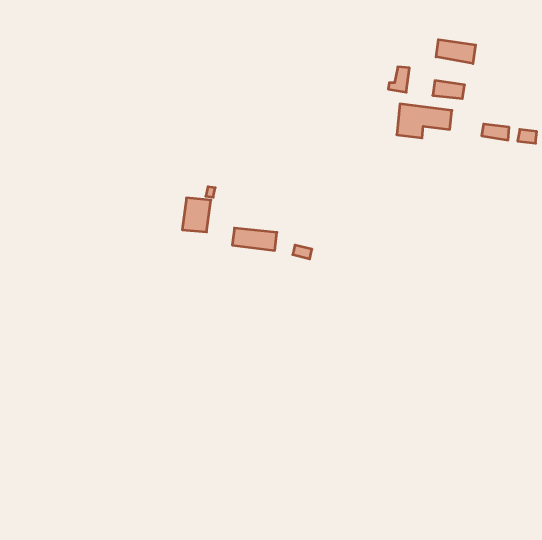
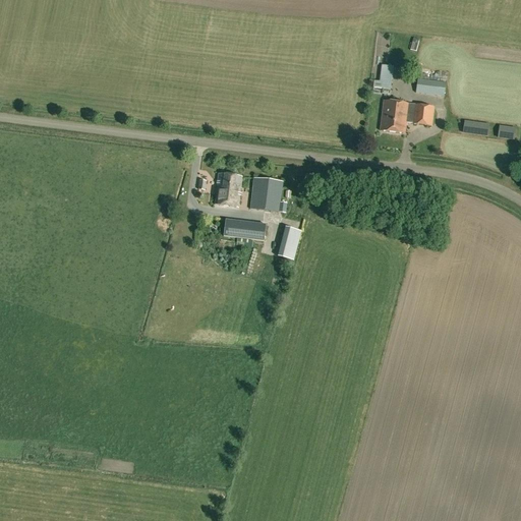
building: [436,40,476,64] -> none
building: none -> [250,177,286,212]
building: [182,198,211,232] -> [215,173,242,206]

